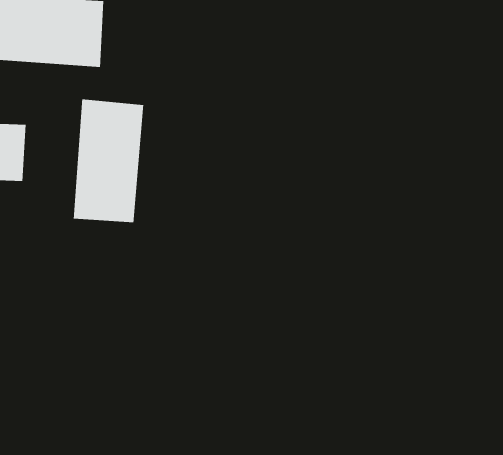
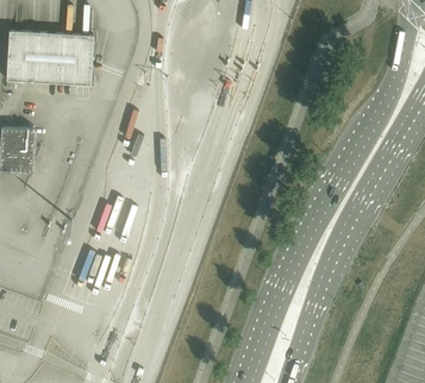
building: [73,99,144,223] -> none

